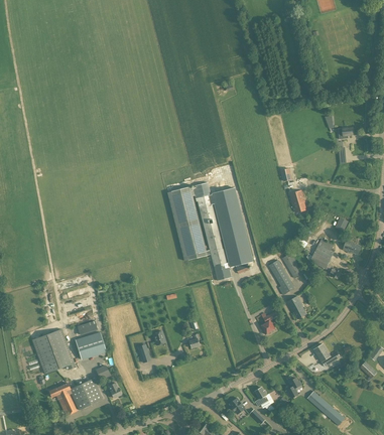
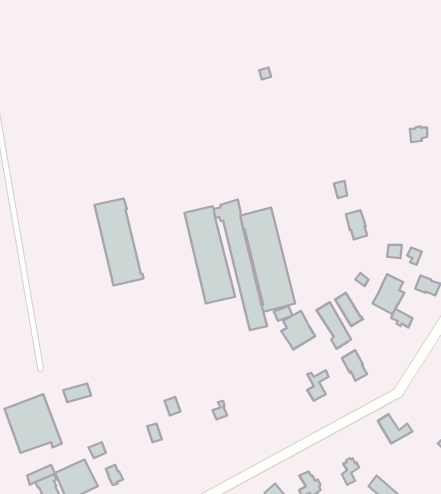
building: none -> [95,198,144,285]
building: none -> [281,311,315,349]
building: [74,332,105,359] -> none

